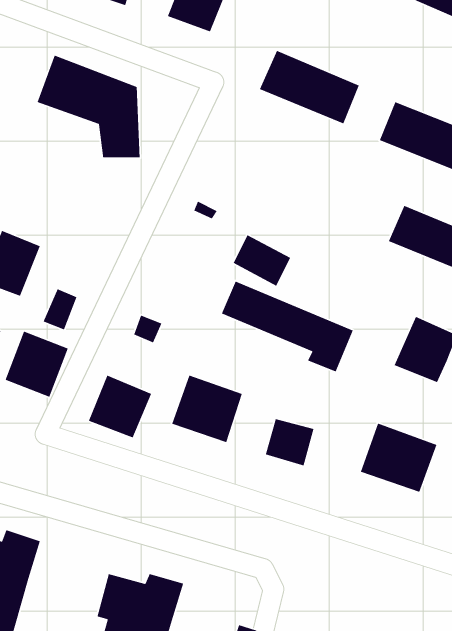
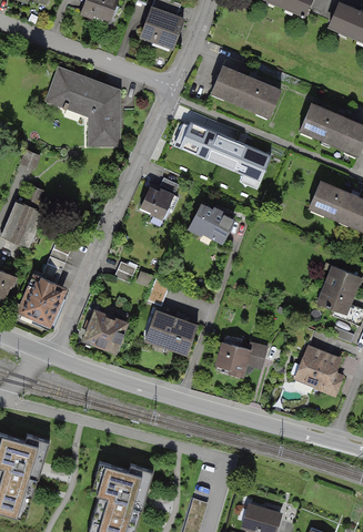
building: none -> [140,183,182,223]
building: [221,280,354,372] -> [172,120,273,190]

